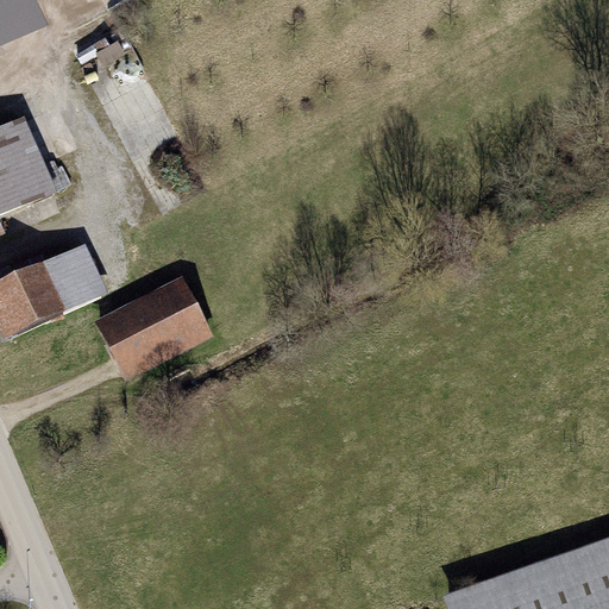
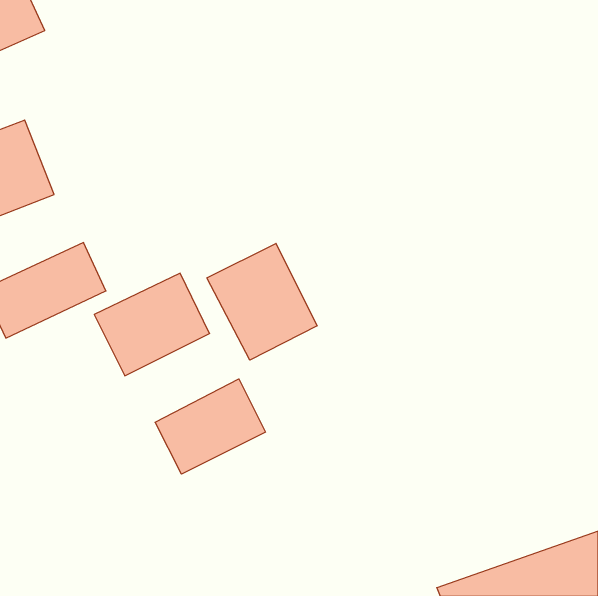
building: none -> [207,243,317,360]
building: none -> [155,379,265,474]

